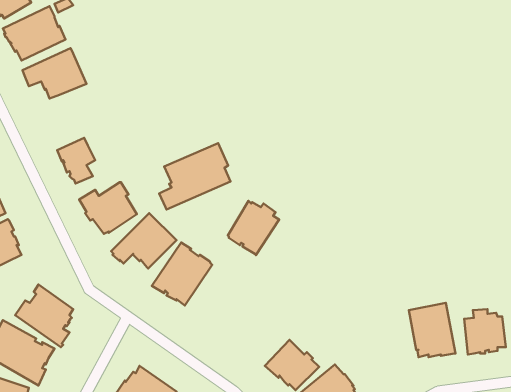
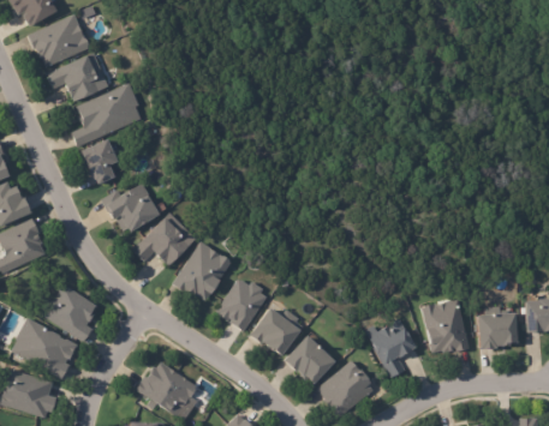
building: [159,143,231,210] -> [72,83,142,148]
building: [228,201,279,255] -> [217,278,268,331]
building: none -> [250,308,304,356]
building: none -> [366,318,418,378]

